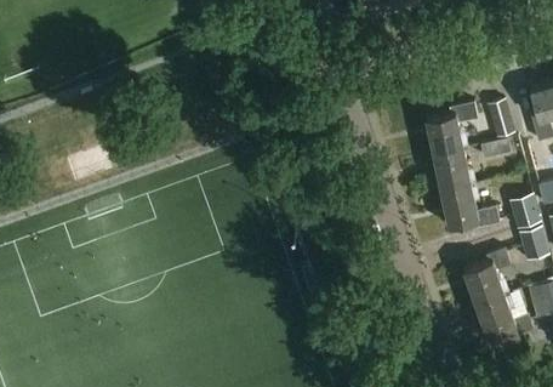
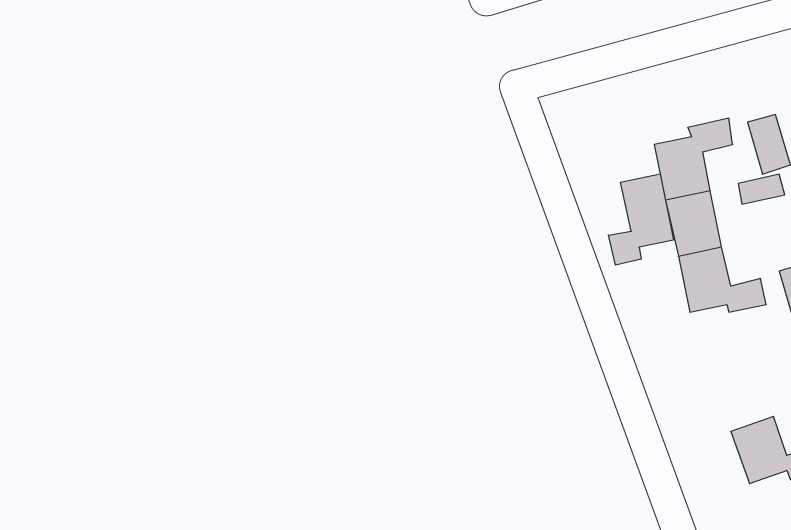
building: none -> [608,174,673,265]
building: [463,251,511,307] -> none

